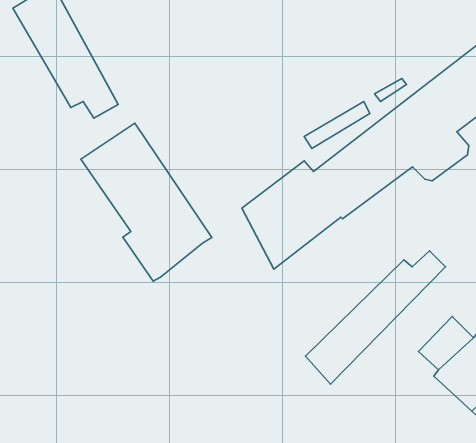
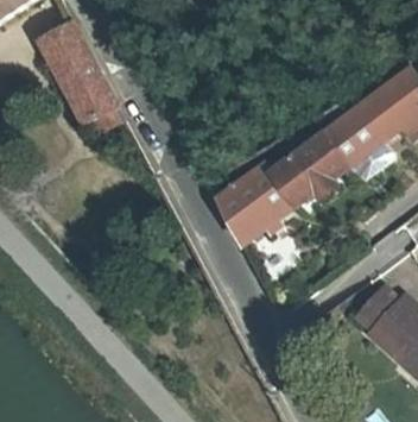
building: [81,123,212,281] -> none
building: [305,251,446,384] -> none

